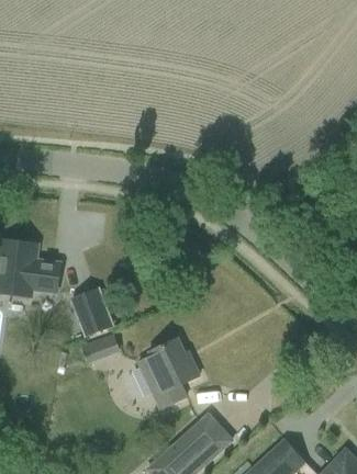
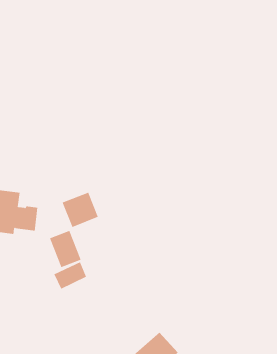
building: none -> [62,192,99,228]
building: [137,338,199,405] -> none

